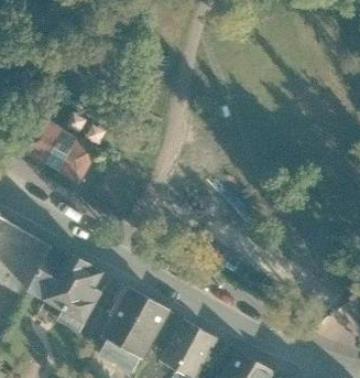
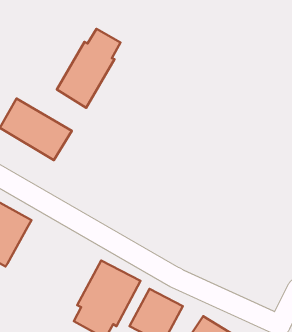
building: none -> [57,29,121,108]
building: [26,250,106,334] -> none

